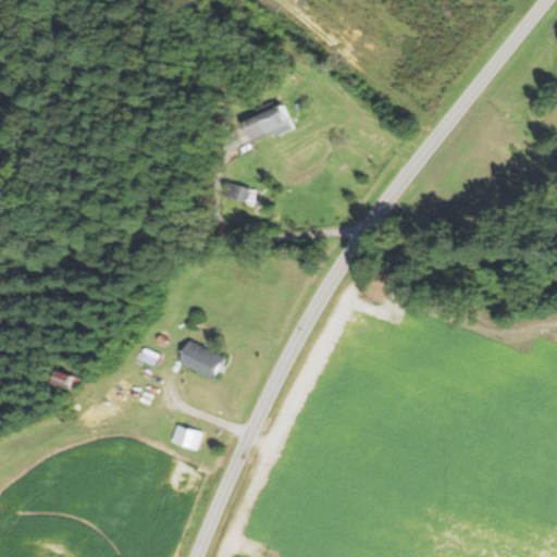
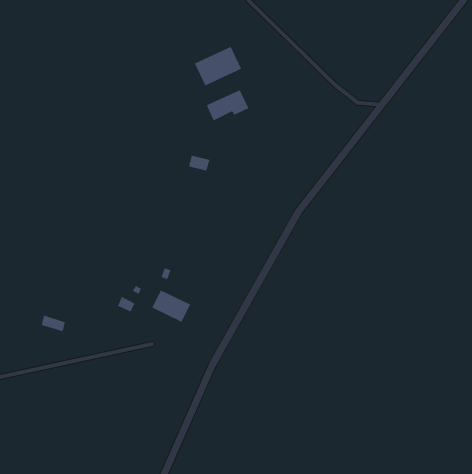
building: none -> [194,46,242,86]
building: [170,423,200,449] -> none

